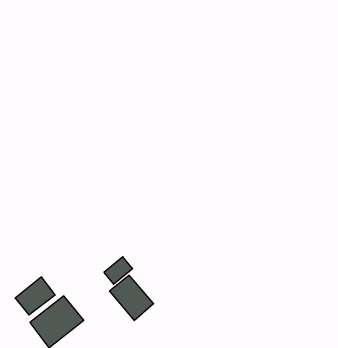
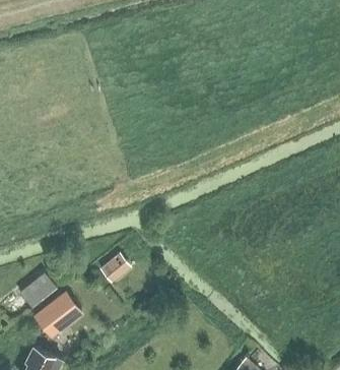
building: [110,275,154,321] -> none

